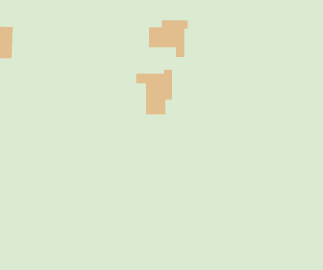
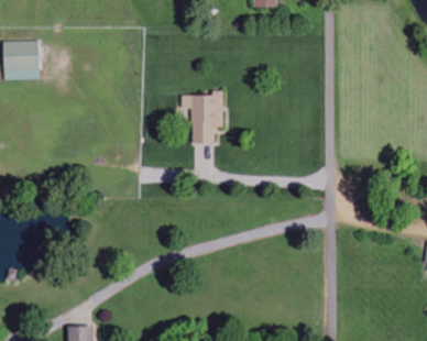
building: [148,19,188,58] -> none

